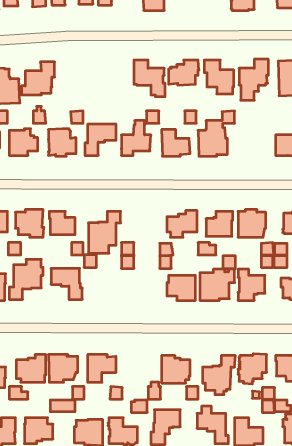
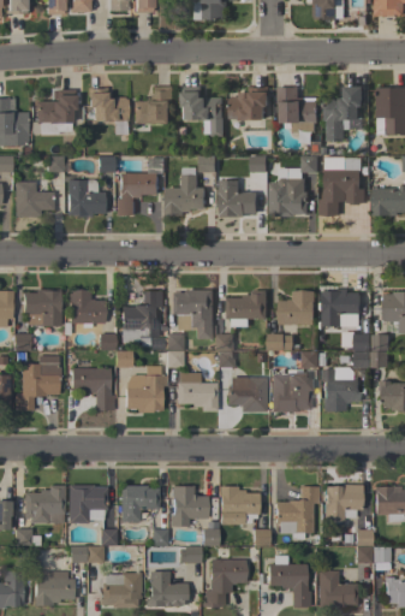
building: none -> [133,85,174,124]
building: none -> [88,87,127,122]
building: none -> [321,158,365,215]
building: none -> [175,290,214,338]
building: none -> [125,366,166,413]
building: none -> [175,373,216,411]
building: none -> [169,486,207,526]

